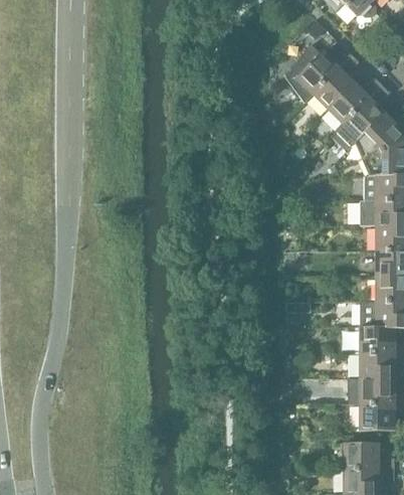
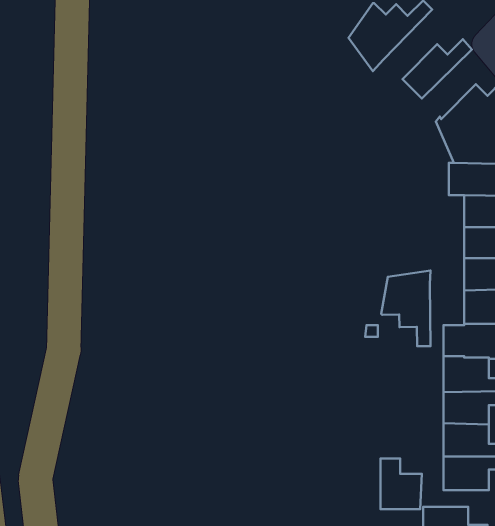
building: [312,55,357,110] -> none
building: [336,87,388,146] -> none
building: none -> [381,270,431,346]
building: none -> [380,459,422,509]

